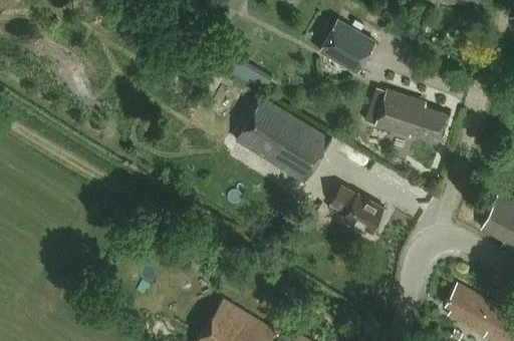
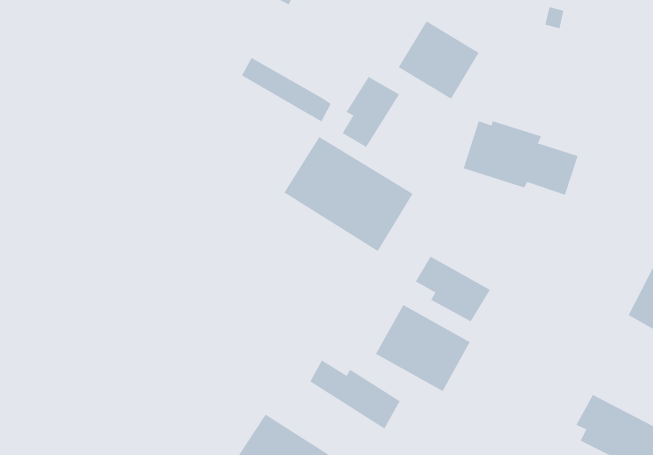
building: none -> [342,76,400,148]
building: none -> [375,304,471,392]
building: none -> [310,359,401,429]

